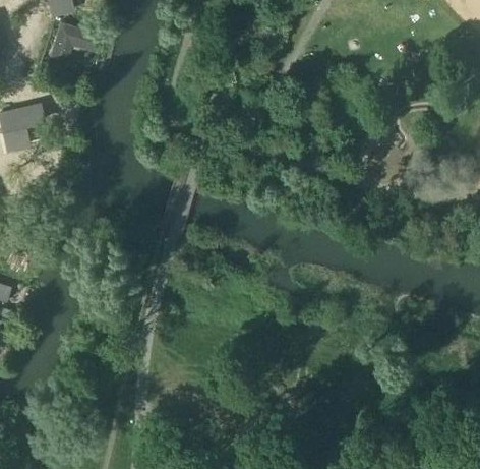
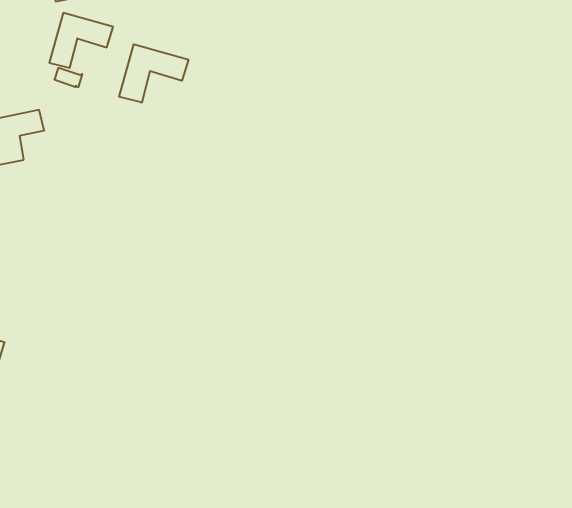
building: none -> [119,44,188,103]

